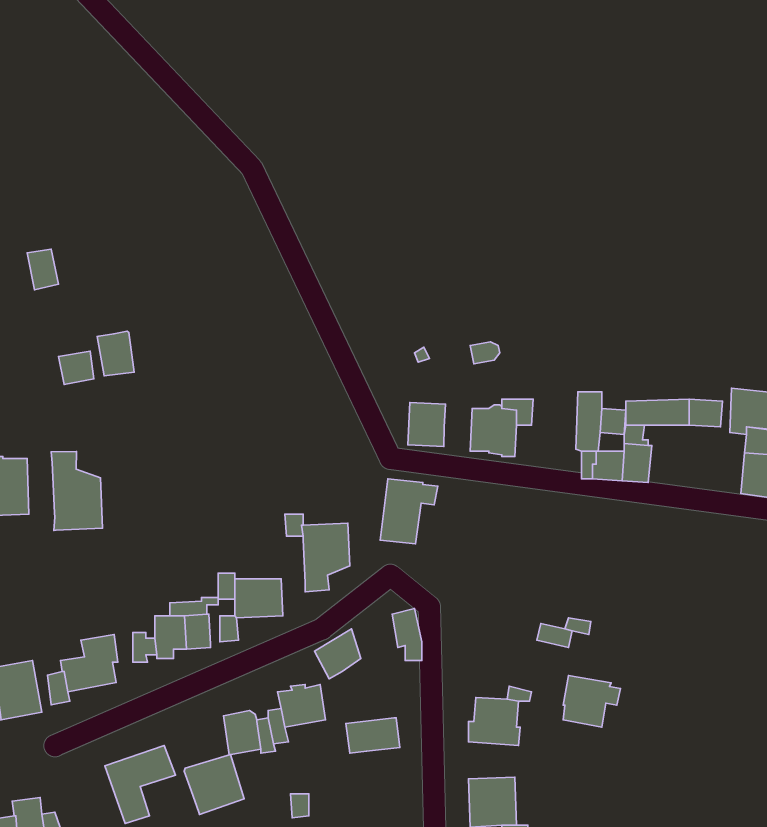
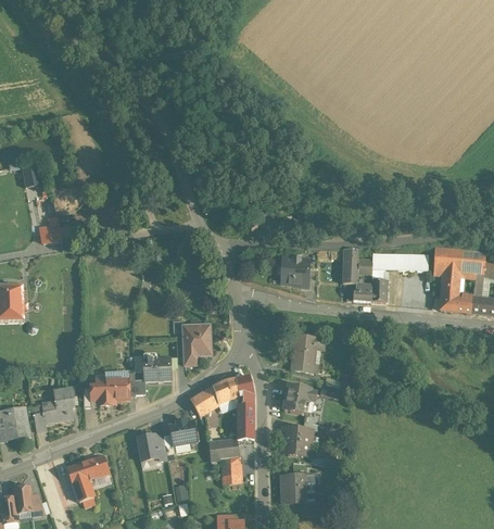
building: [97,331,134,376] -> none
building: [408,402,446,447] -> none
building: [51,452,103,530] -> none
building: [380,479,438,544] -> [291,333,325,371]
building: none -> [212,378,239,404]
building: none -> [237,405,253,439]
building: [563,675,621,727] -> [283,385,317,415]
building: none -> [220,456,241,486]
building: [184,755,244,814] -> none

